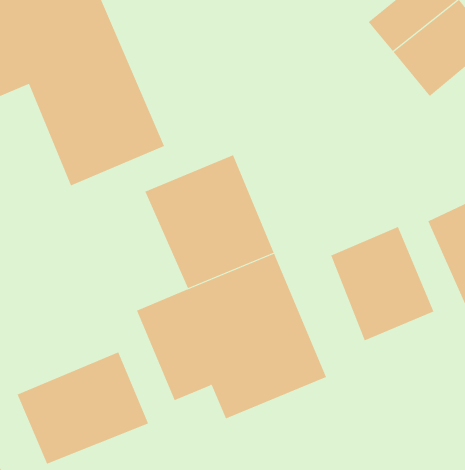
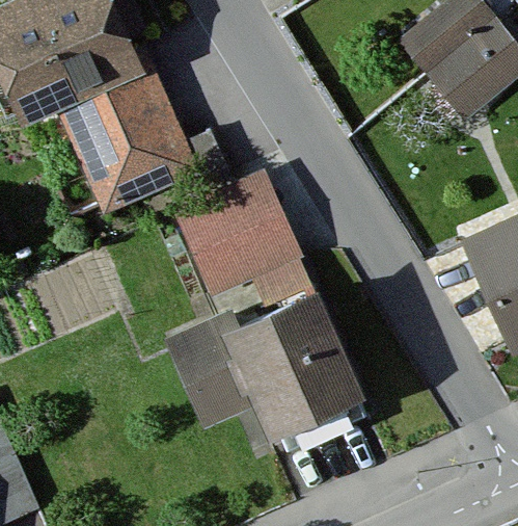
building: [330,226,434,341] -> none
building: [17,351,149,465] -> none

